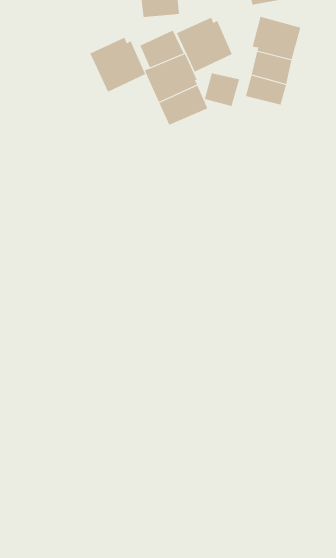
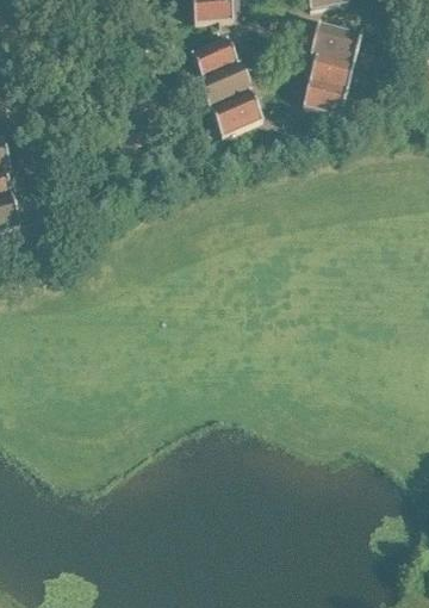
building: [176,17,233,72] -> none
building: [90,37,146,92] -> none
building: [204,73,240,107] -> none

